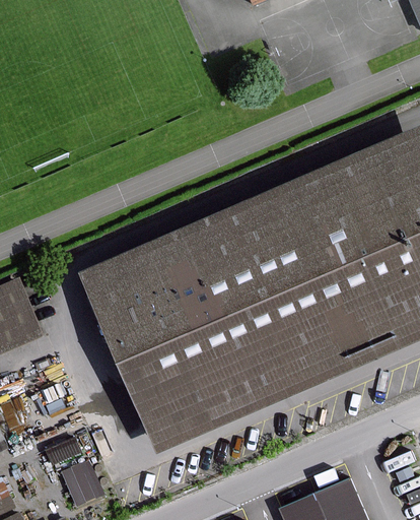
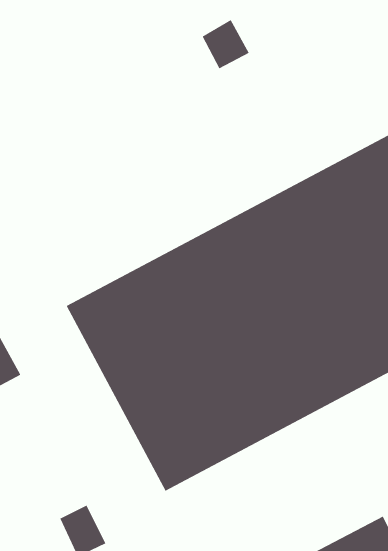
building: none -> [202,19,249,69]

